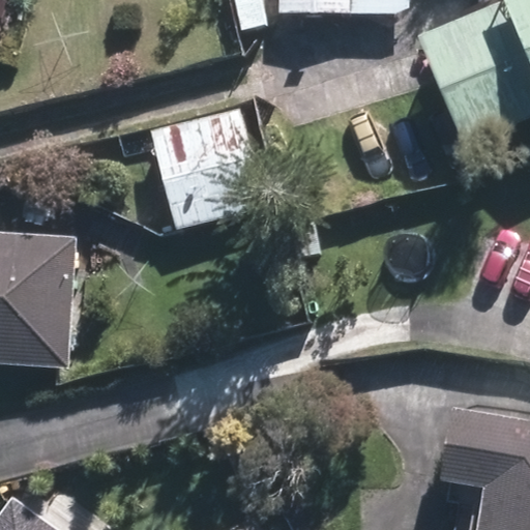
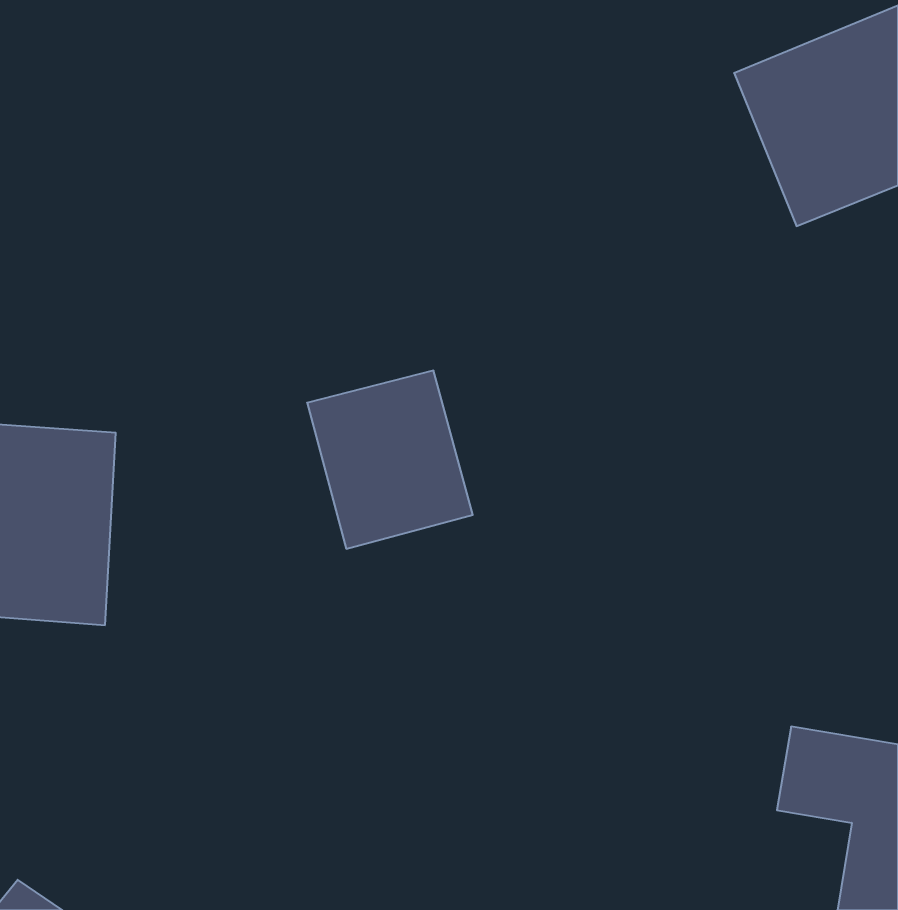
building: [155,119,252,223] -> [307,371,473,549]

